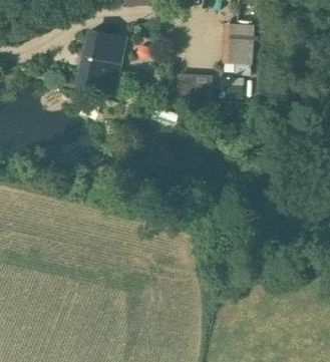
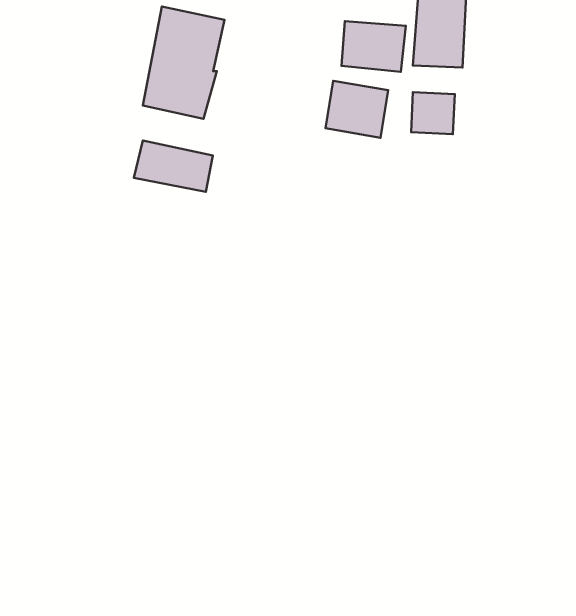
building: none -> [341,21,406,72]
building: none -> [134,141,213,192]

